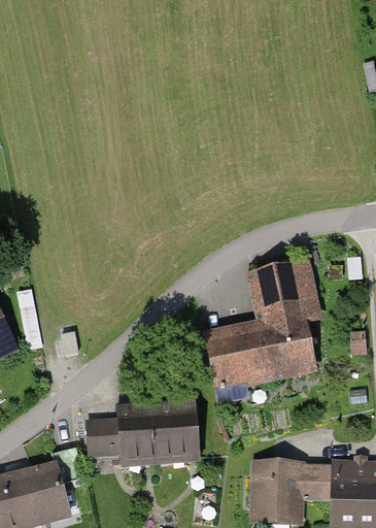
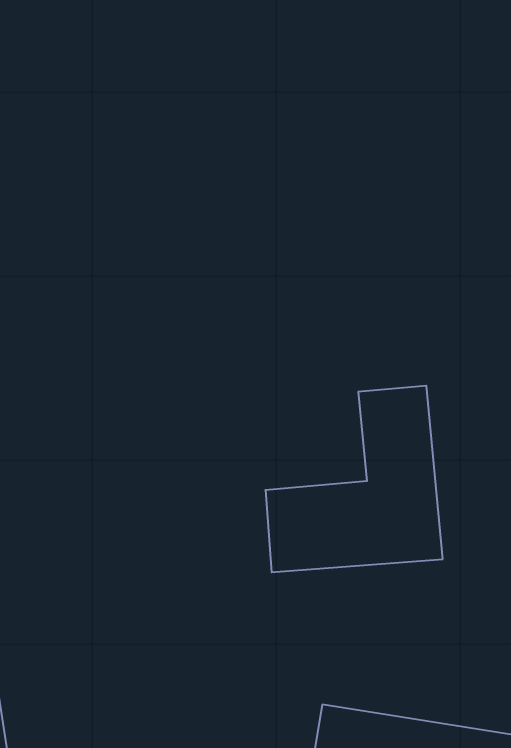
building: [92,399,200,467] -> none

